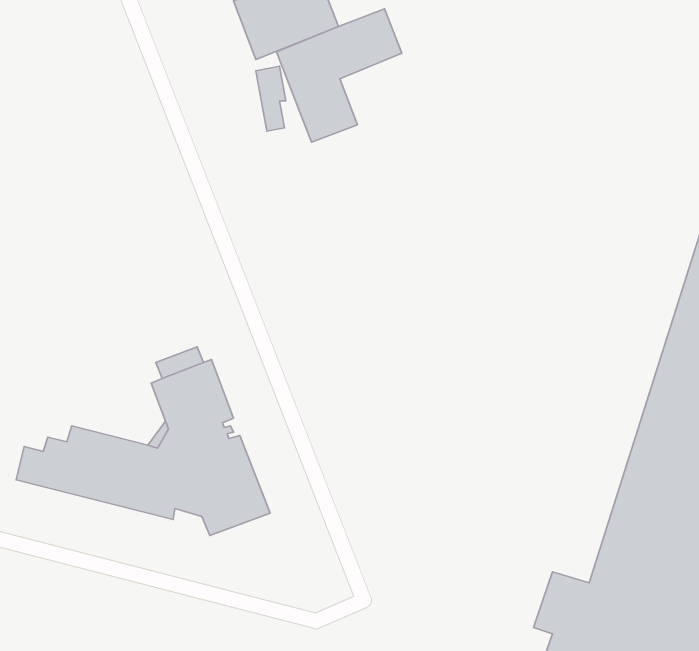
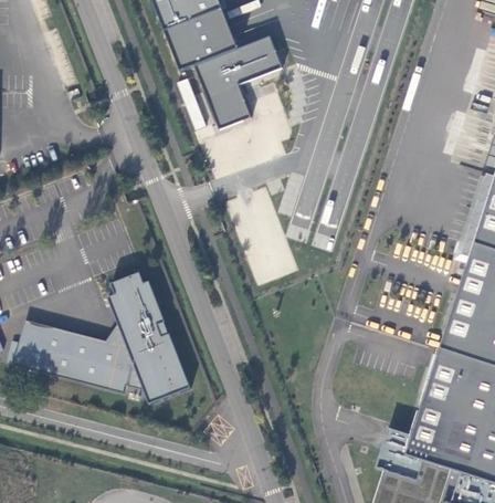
building: none -> [20,318,53,344]

